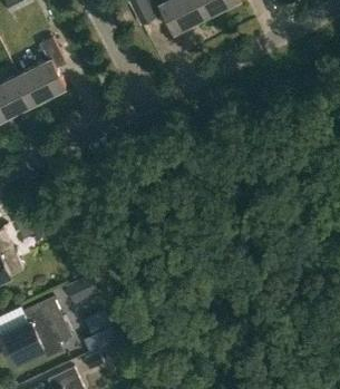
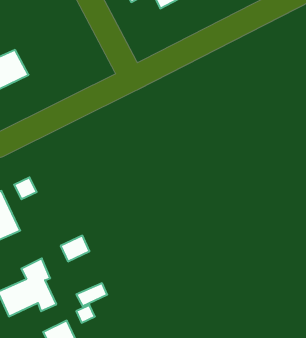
building: [18,39,66,104] -> none

